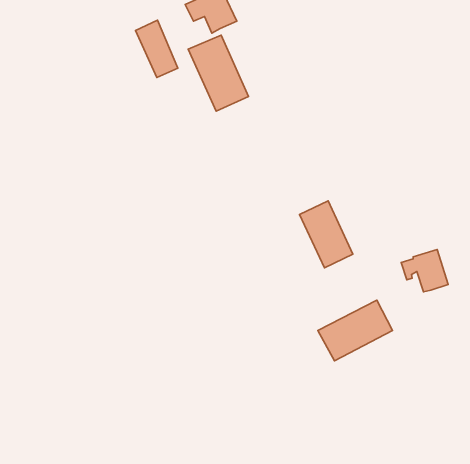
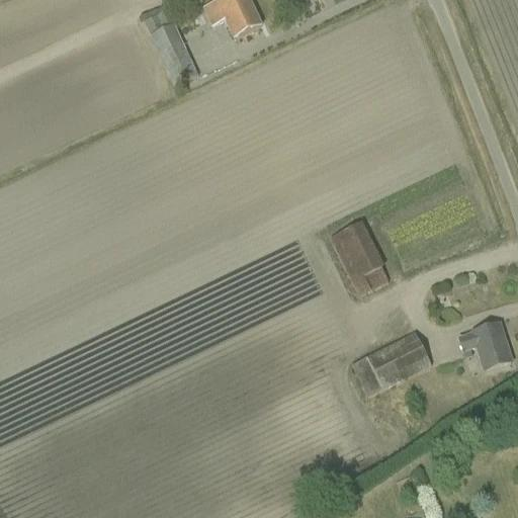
building: [188,35,249,111] -> none
building: [401,250,448,292] -> [459,322,511,368]

